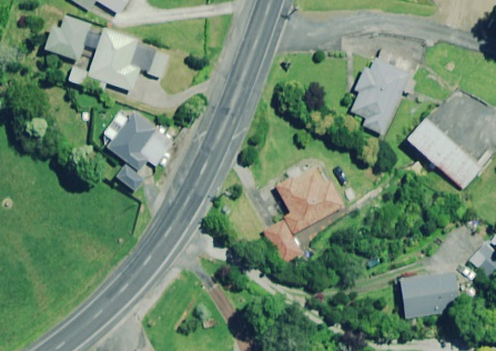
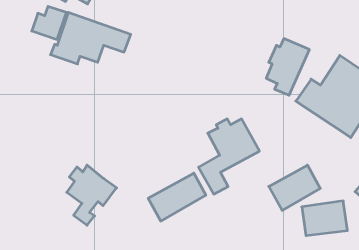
building: [108,112,173,191] -> [67,165,117,225]
building: none -> [269,165,320,210]
building: none -> [148,173,206,221]

